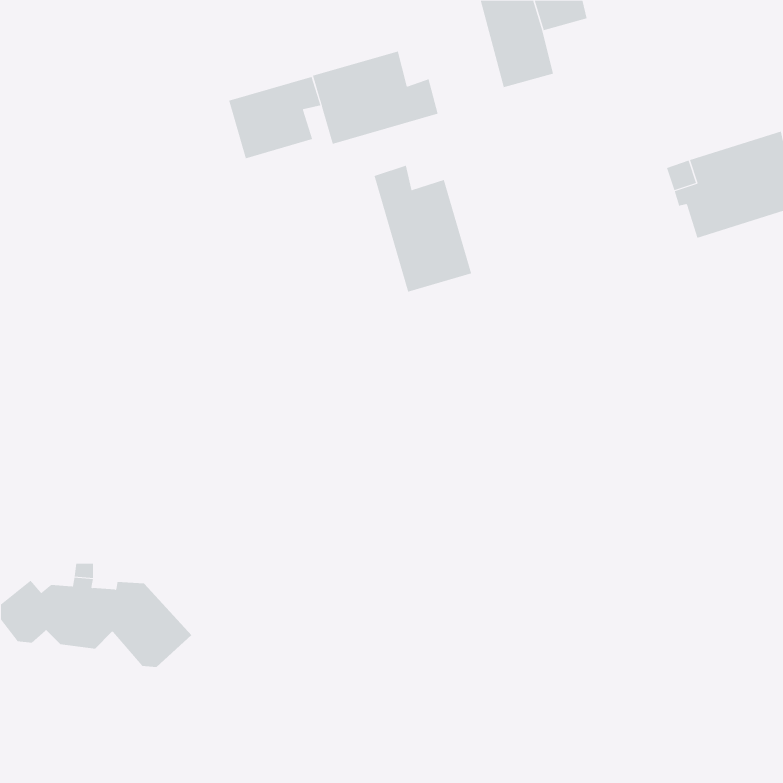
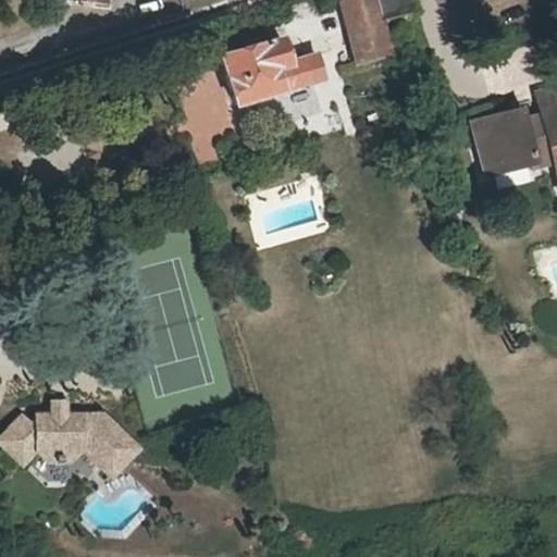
building: [228,76,321,159] -> none
building: [374,165,472,292] -> none

